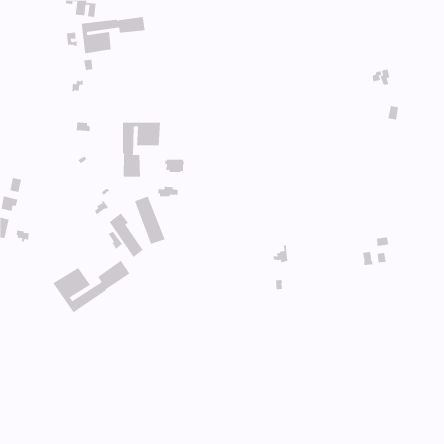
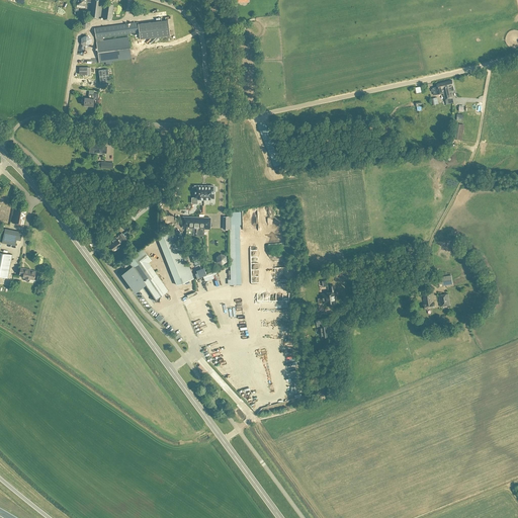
building: [123,122,160,177] -> none
building: [53,260,130,313] -> none

